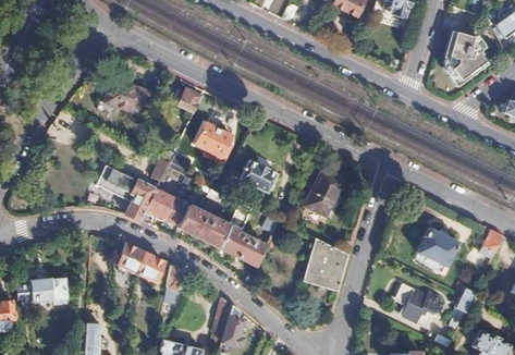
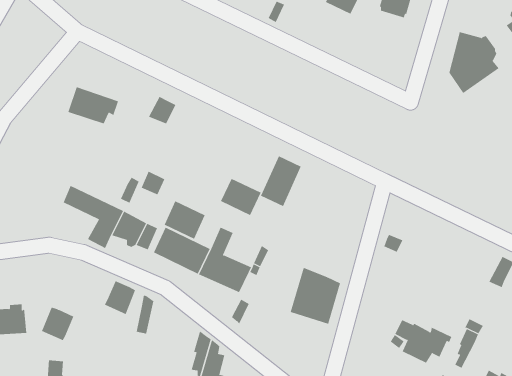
building: [194,123,231,158] -> [164,200,205,239]
building: [305,169,342,215] -> [260,156,302,207]
building: [417,228,465,270] -> none
building: [117,243,146,273] -> [41,307,74,341]

